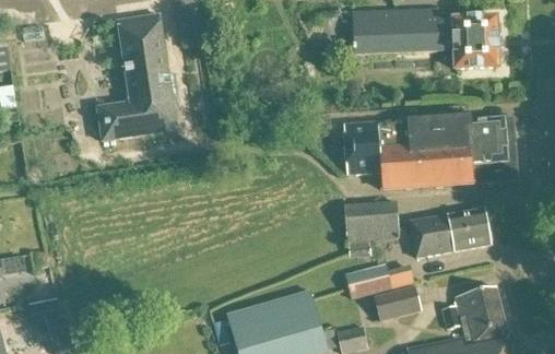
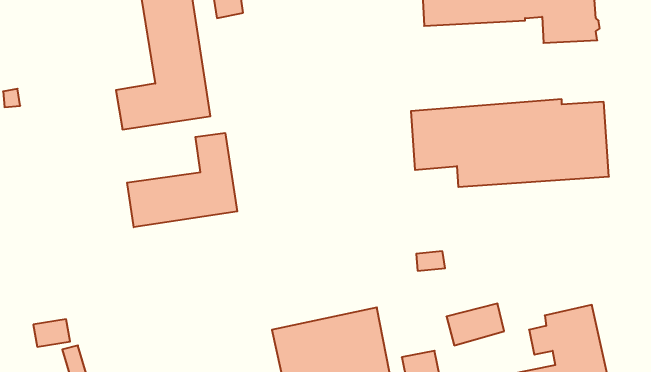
building: none -> [127,133,237,227]
building: [344,201,399,239] -> none
building: [410,208,491,257] -> none
building: [345,266,390,300] -> none

